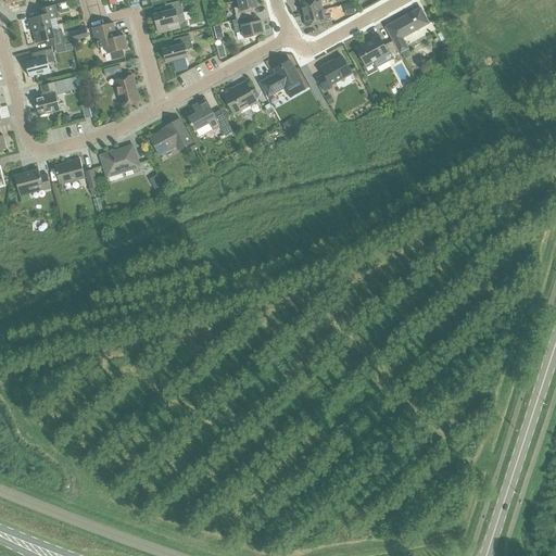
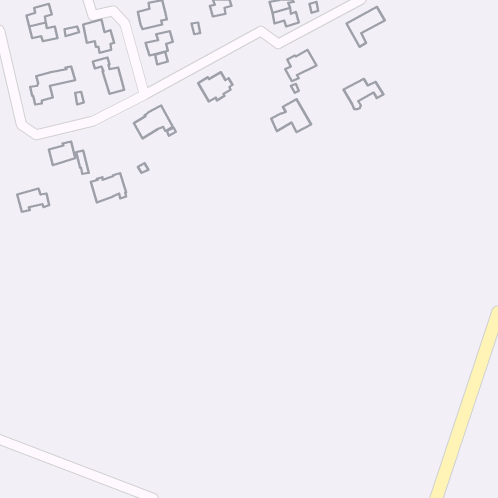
building: [231,16,264,38] -> none
building: [355,36,400,70] -> [343,79,383,109]
building: [25,48,54,76] -> none
building: [261,60,305,97] -> [271,99,311,132]
building: [188,100,231,134] -> none
building: [100,144,139,177] -> [91,173,126,202]
building: [14,168,50,194] -> [17,189,49,212]

